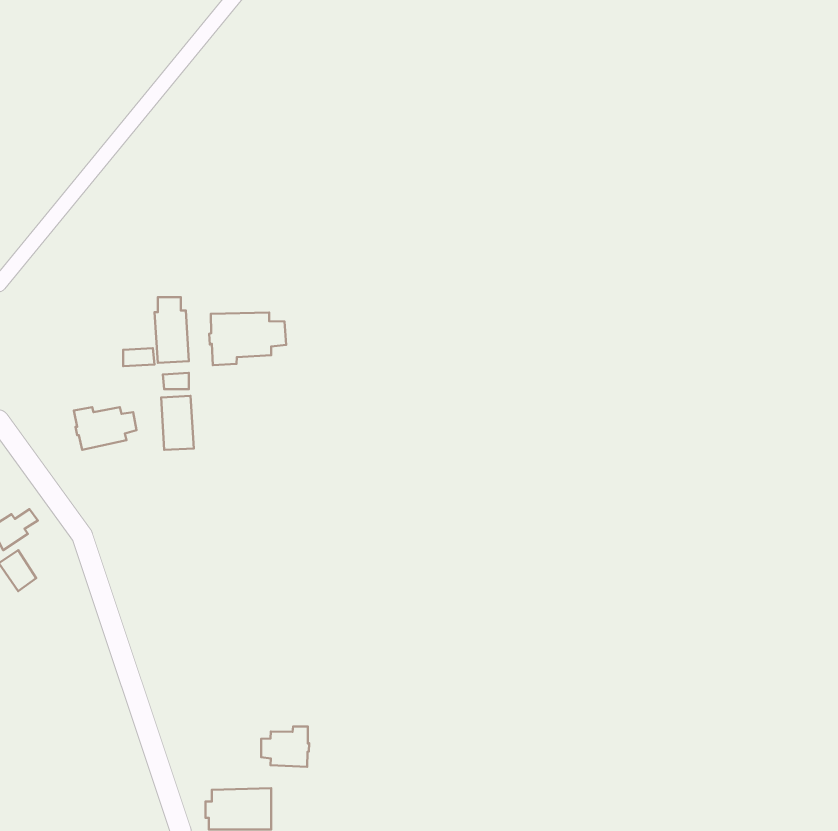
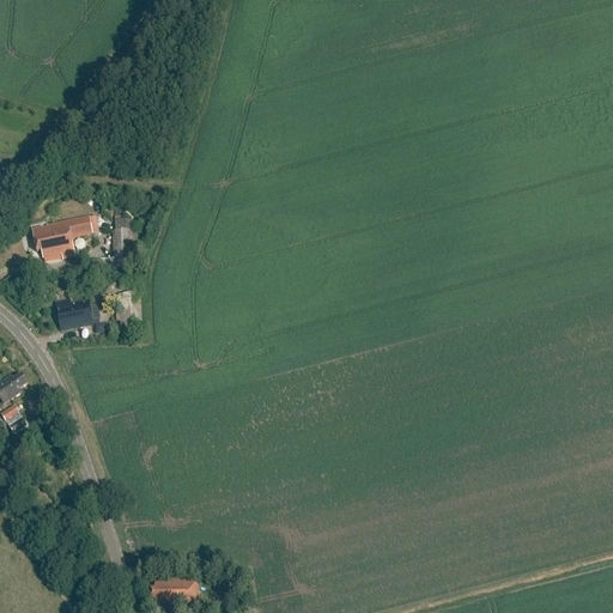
building: none -> [31,213,91,256]
building: [209,312,286,365] -> none
building: [261,727,309,767] -> none

